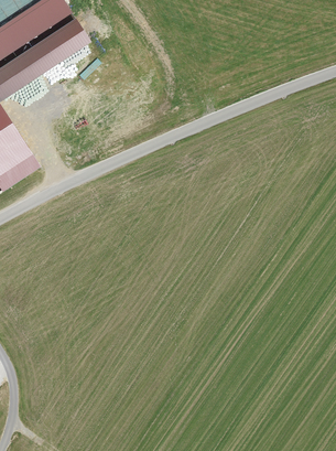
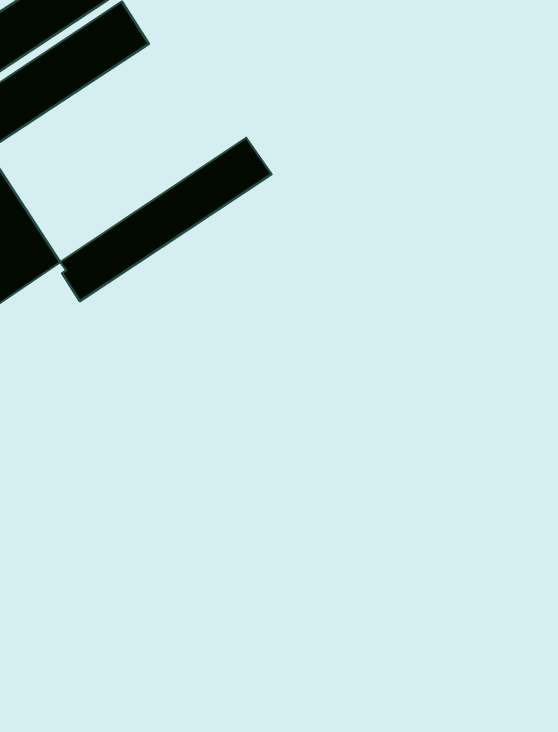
building: none -> [60,138,272,301]

